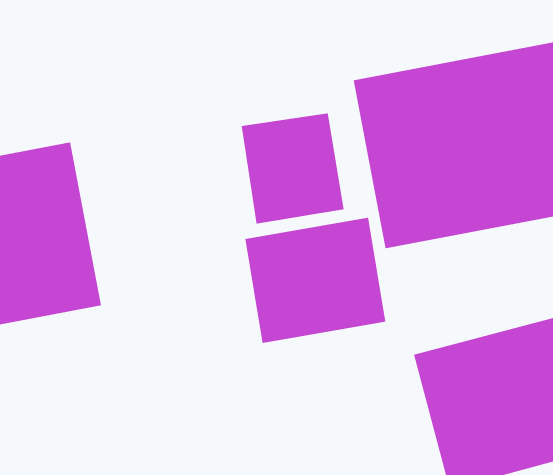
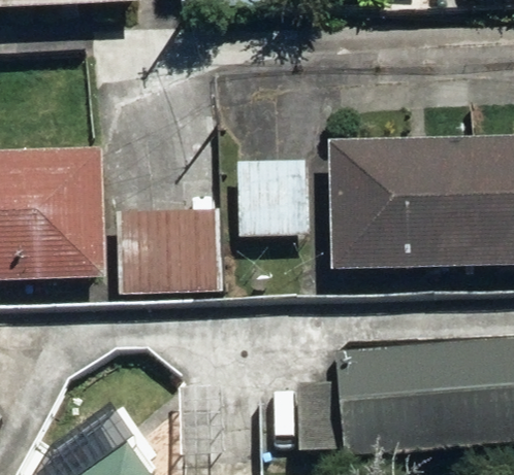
building: [245,217,386,344] -> [119,208,216,291]

